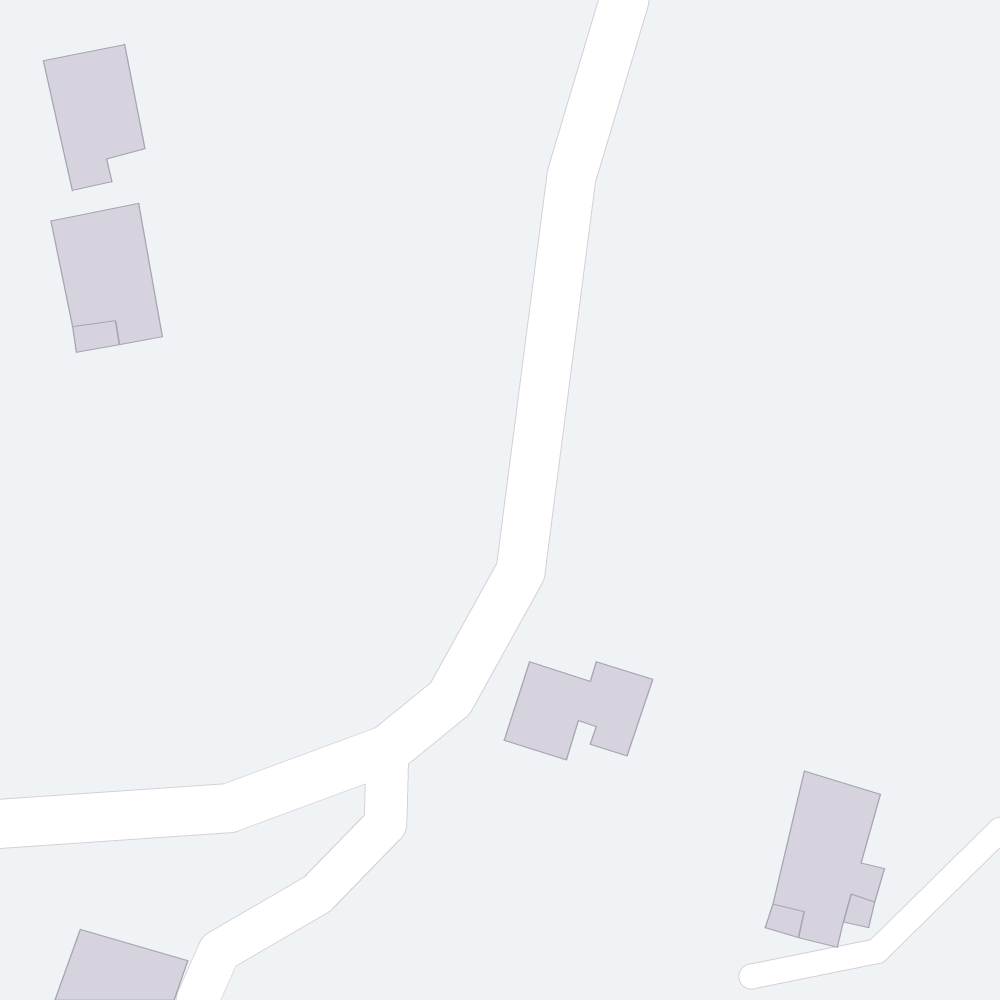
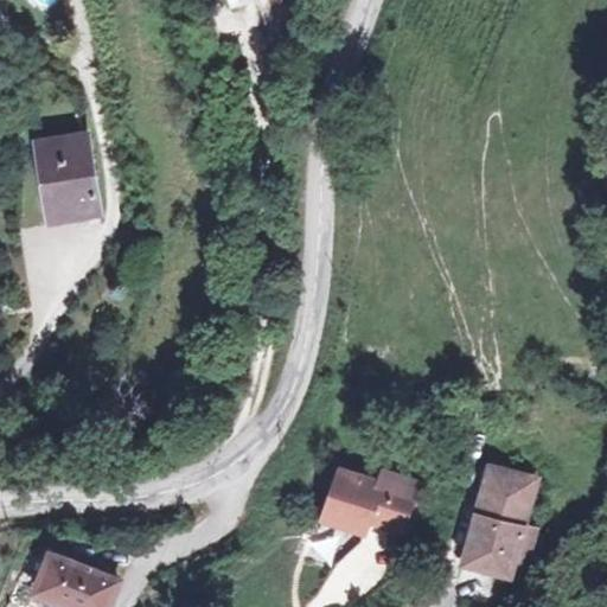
building: [44,44,145,191] -> none
building: [504,662,653,760] -> [322,473,413,532]

